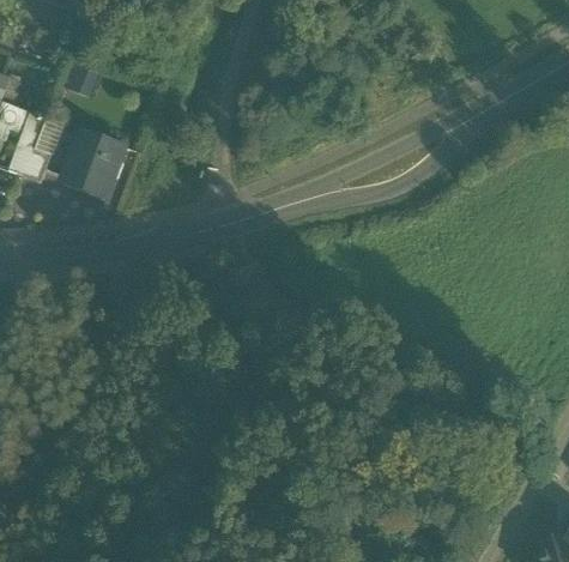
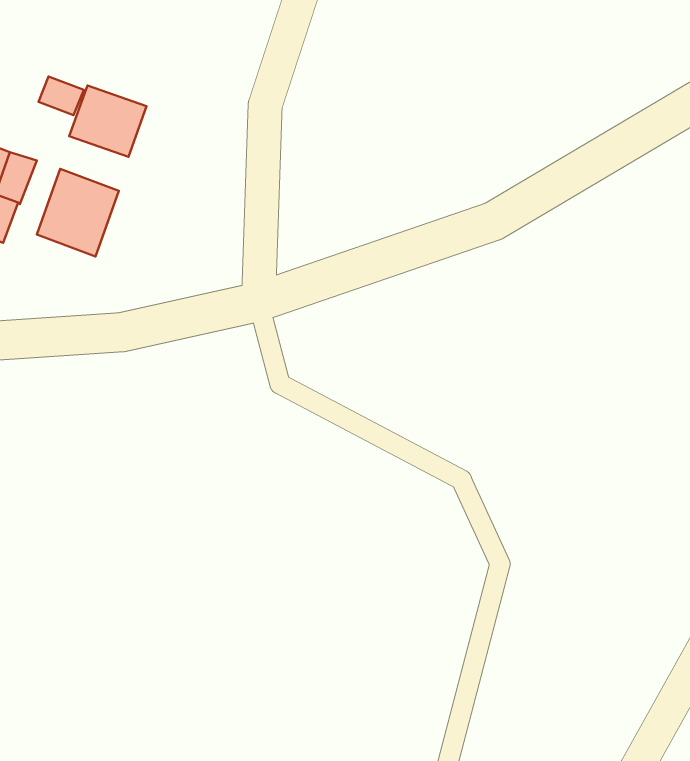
building: none -> [69,85,147,157]

